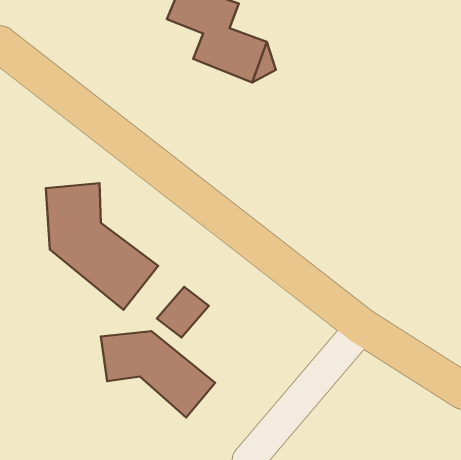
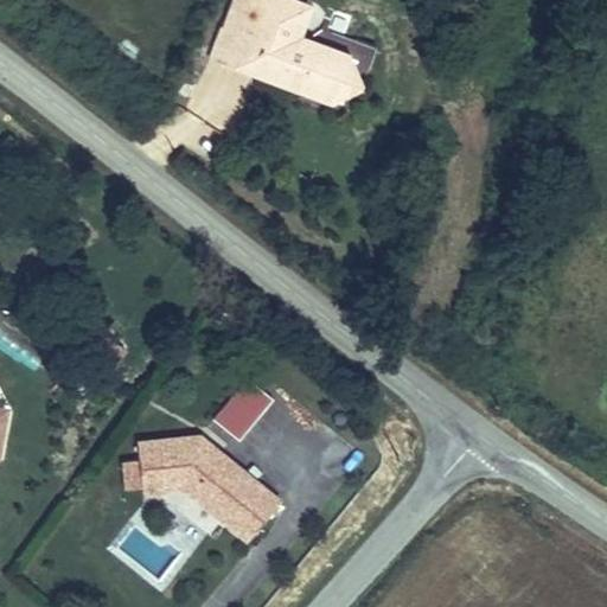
building: none -> [209,25,269,77]
building: [46,183,158,310] -> none

